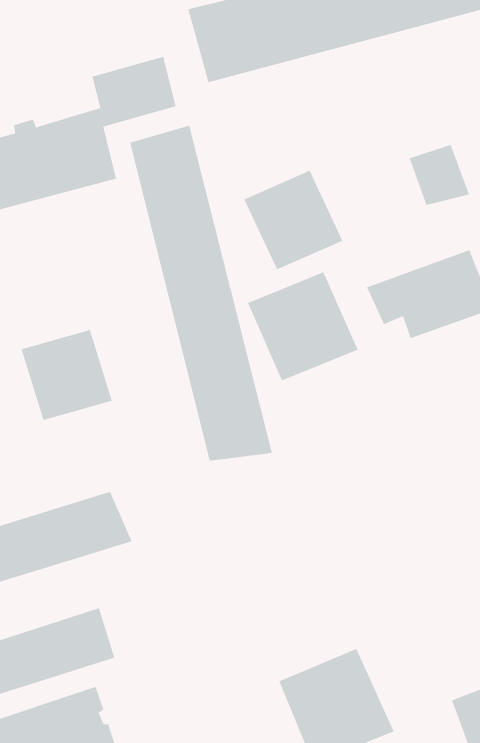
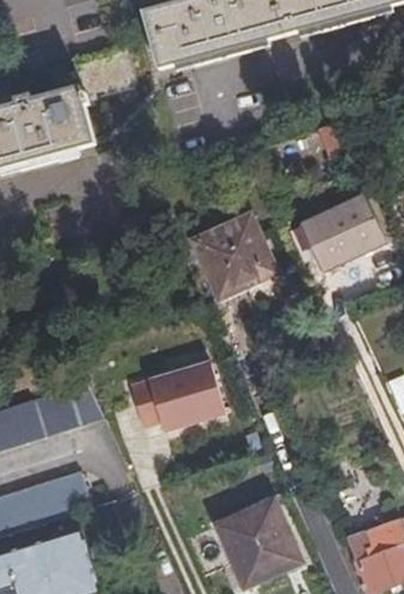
building: [129,125,273,461] -> none
building: [244,170,343,270] -> none
building: [21,329,112,421] -> none
building: none -> [131,357,236,438]

